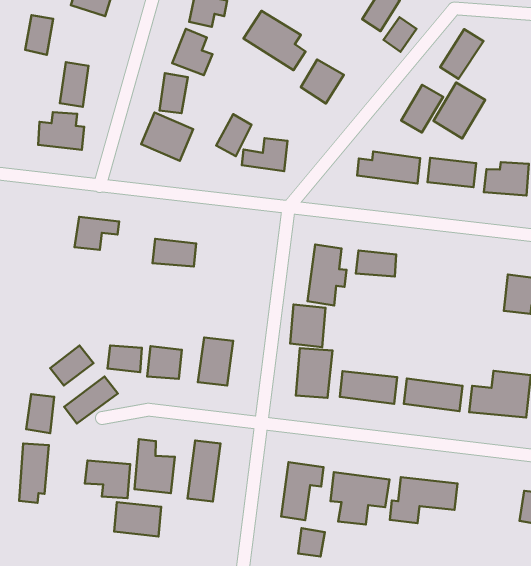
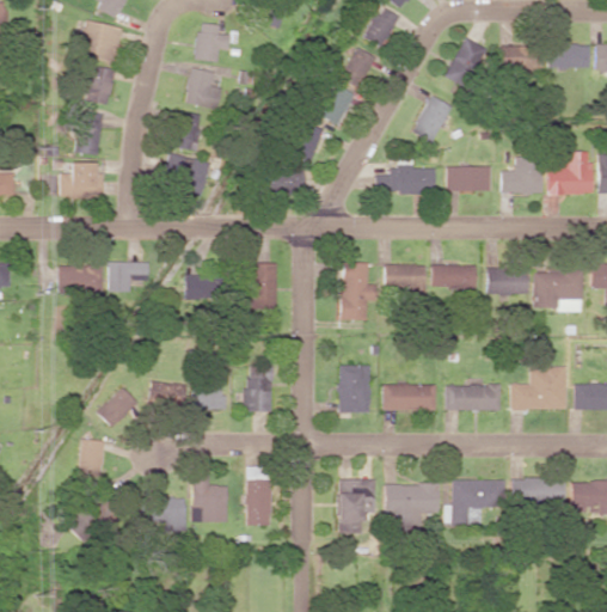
building: [243,11,306,70] -> none
building: [25,15,53,55] -> [90,67,114,104]
building: [383,17,417,52] -> [345,48,376,81]
building: none -> [501,44,528,71]
building: [433,82,485,138] -> none
building: [216,114,252,156] -> [292,122,324,163]
building: none -> [65,267,103,292]
building: none -> [250,263,278,306]
building: none -> [431,264,478,287]
building: none -> [488,269,529,295]
building: [290,304,326,347] -> none
building: [64,376,118,423] -> none
building: none -> [514,478,566,504]
building: [114,502,161,536] -> none
building: [298,528,325,556] -> none

